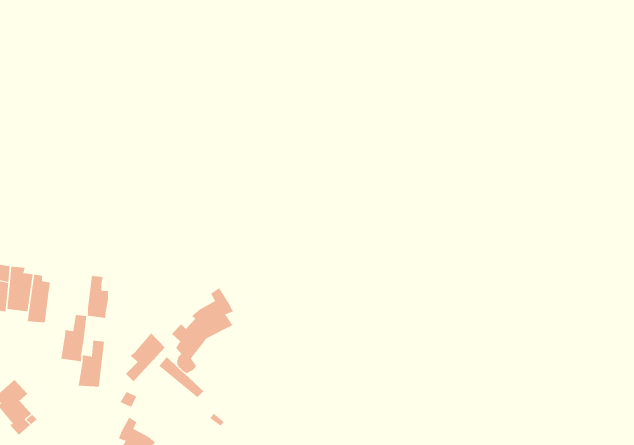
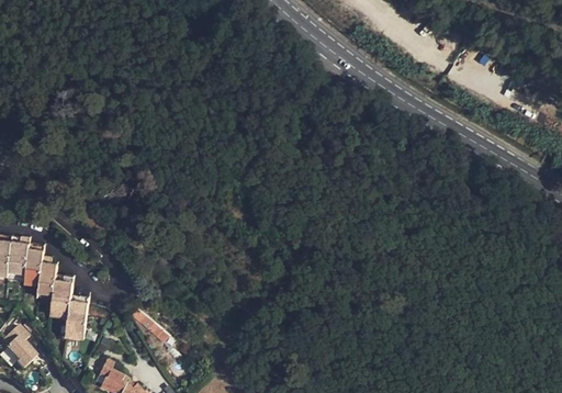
building: [87,276,109,319] -> [40,256,57,291]
building: [171,287,233,374] -> none
building: [125,332,166,382] -> none

